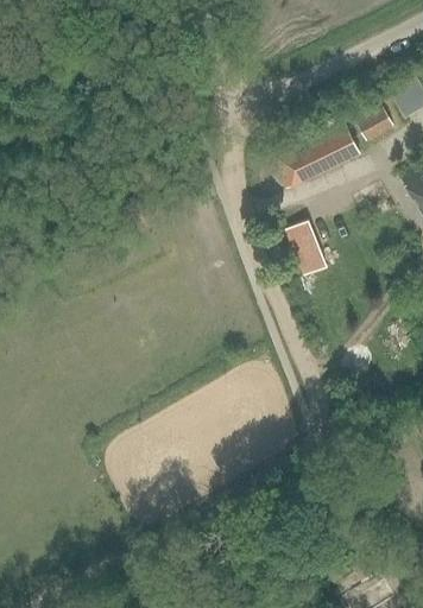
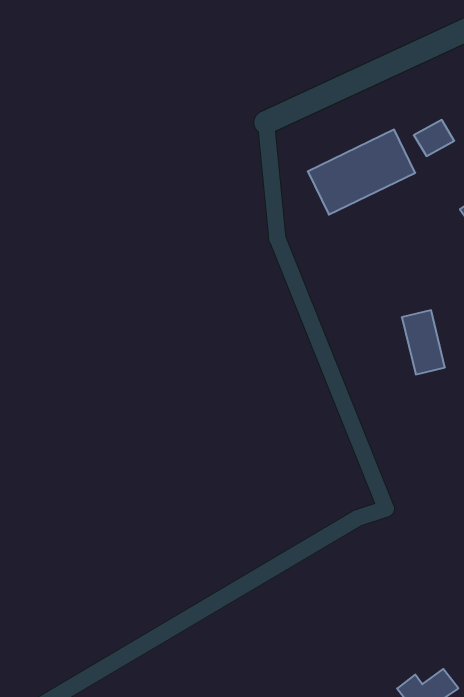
building: [289,217,326,272] -> [402,310,445,374]

